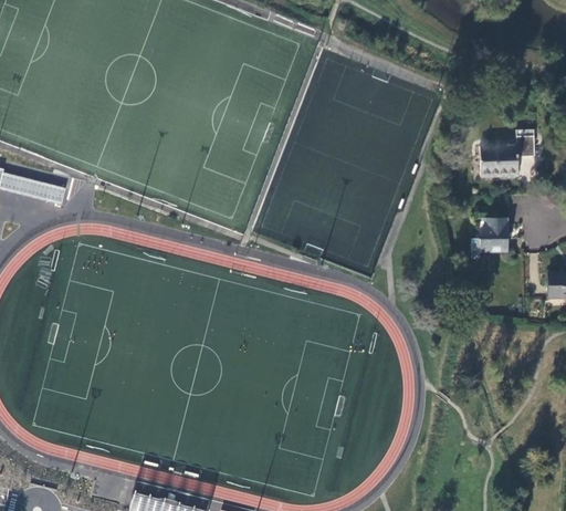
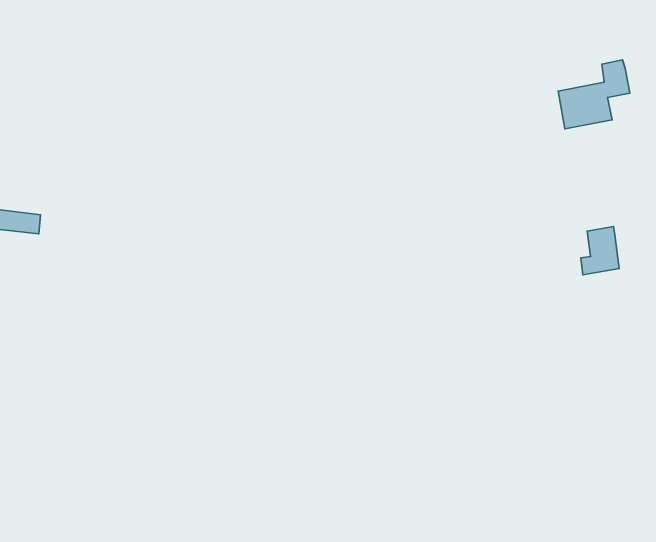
building: [480,218,509,252] -> [581,226,619,275]

